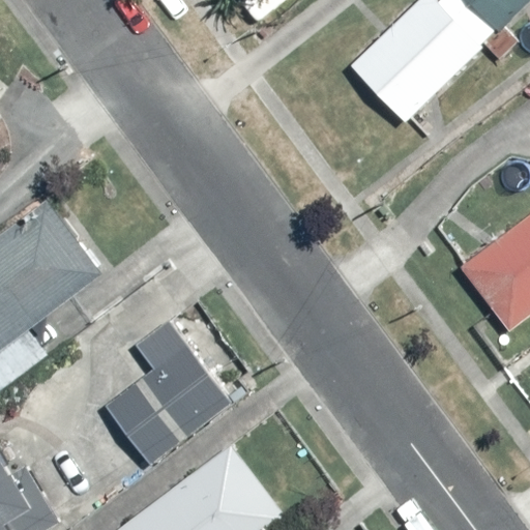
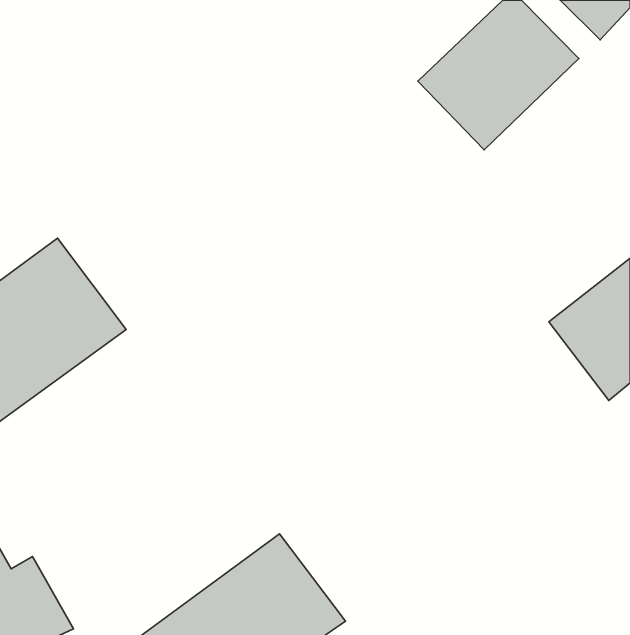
building: [106,320,233,465] -> none

